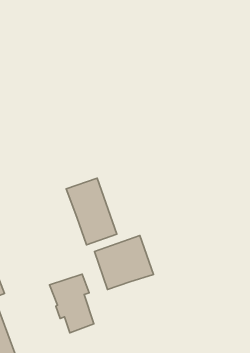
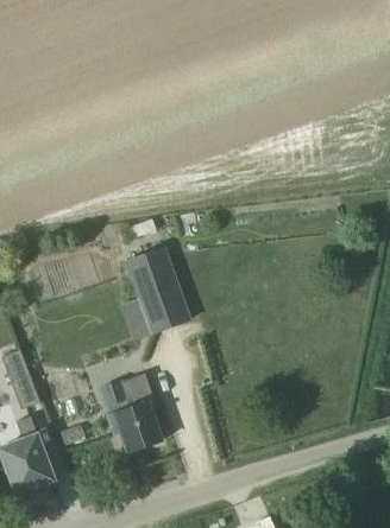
building: [94,236,153,289] -> none

